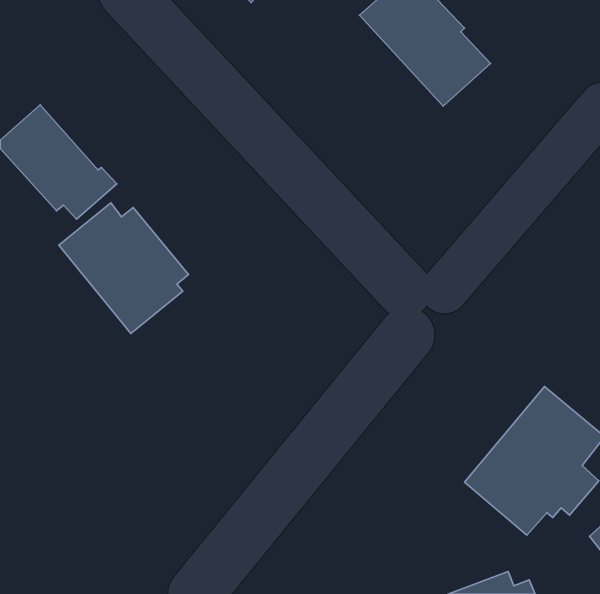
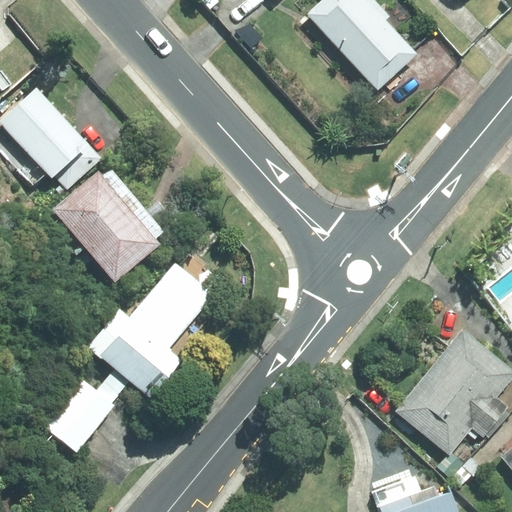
building: none -> [99,264,213,398]
building: none -> [44,373,113,451]

